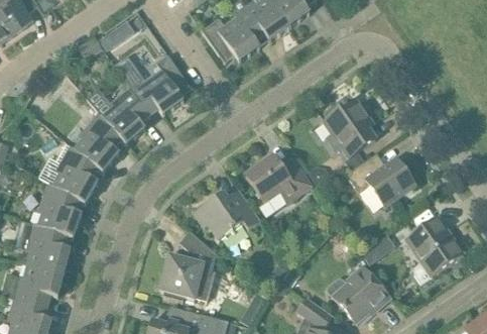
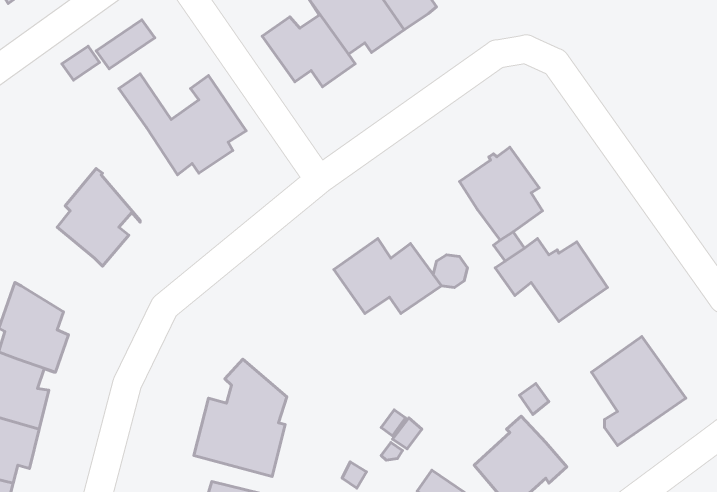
building: [102,87,149,144] -> none
building: [52,145,98,205] -> none
building: [194,189,261,239] -> none

